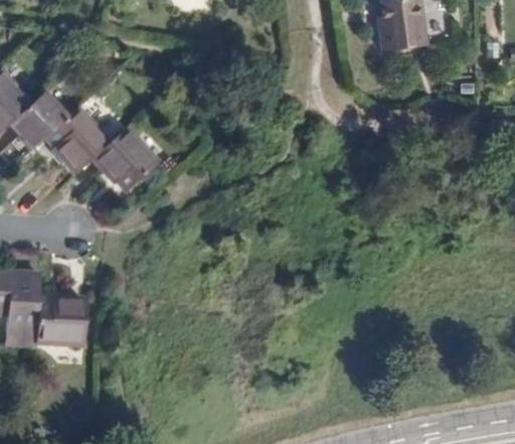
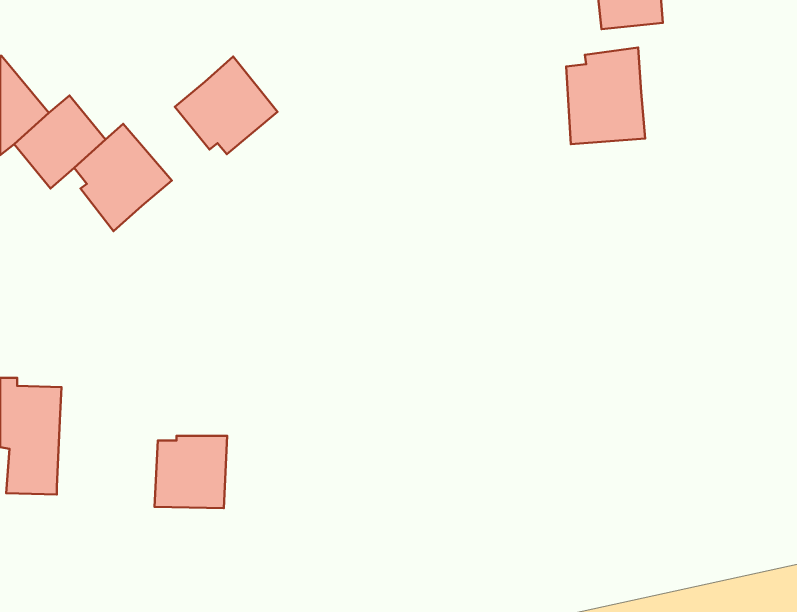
building: none -> [566,47,645,144]
building: [93,130,158,192] -> [175,56,277,154]
building: [38,296,84,342] -> [155,436,227,508]

